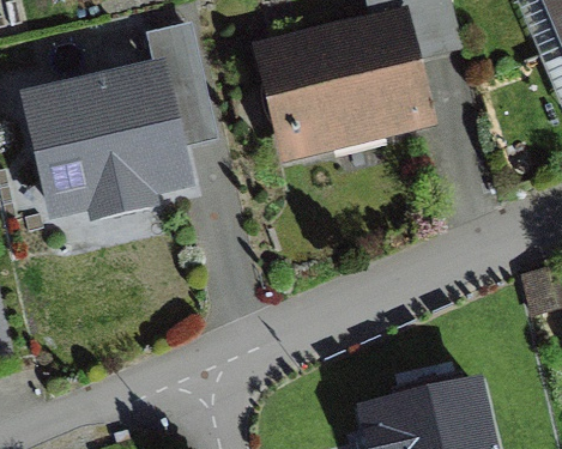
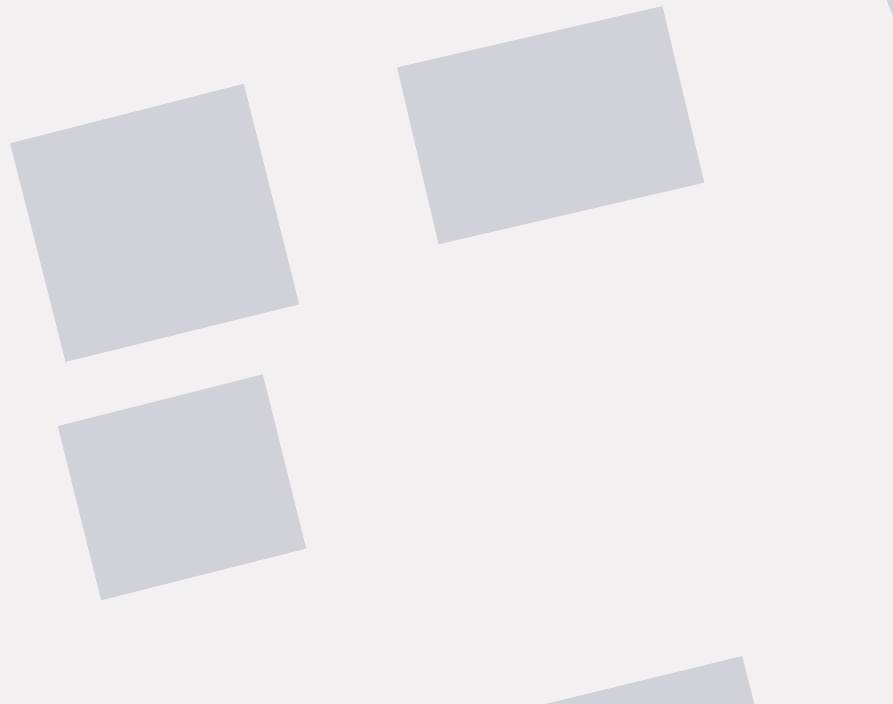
building: none -> [57,374,307,601]

